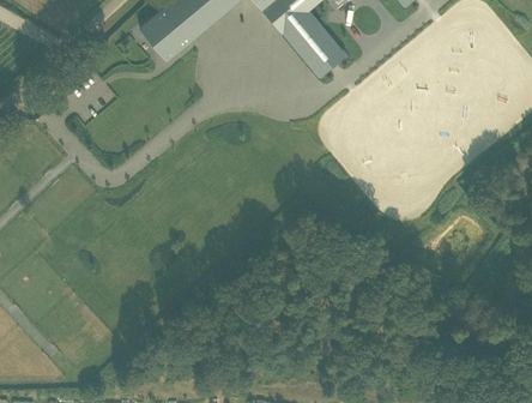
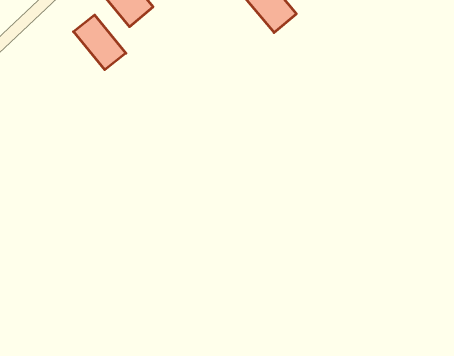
building: none -> [73,15,126,70]

